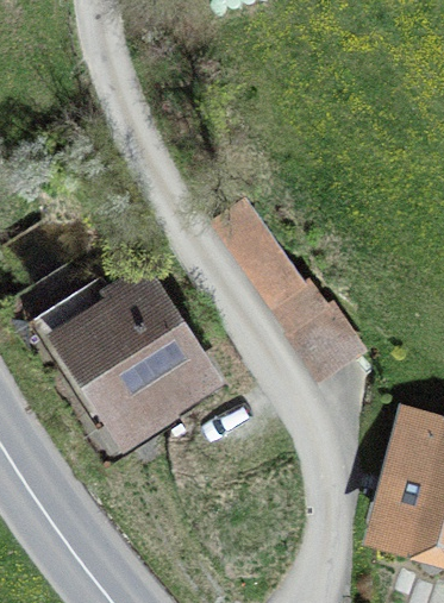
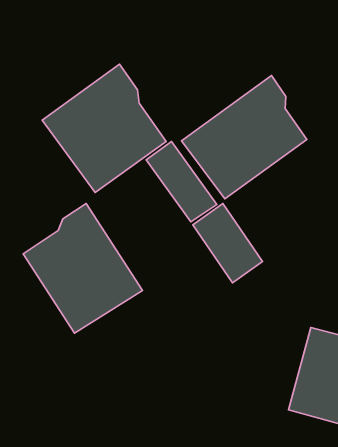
building: none -> [42,64,166,192]
building: none -> [181,76,307,199]

